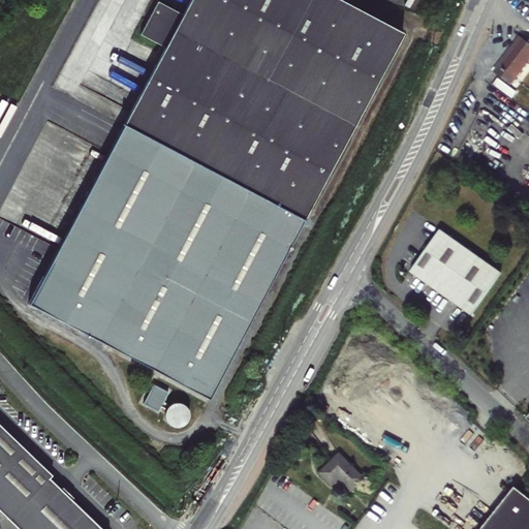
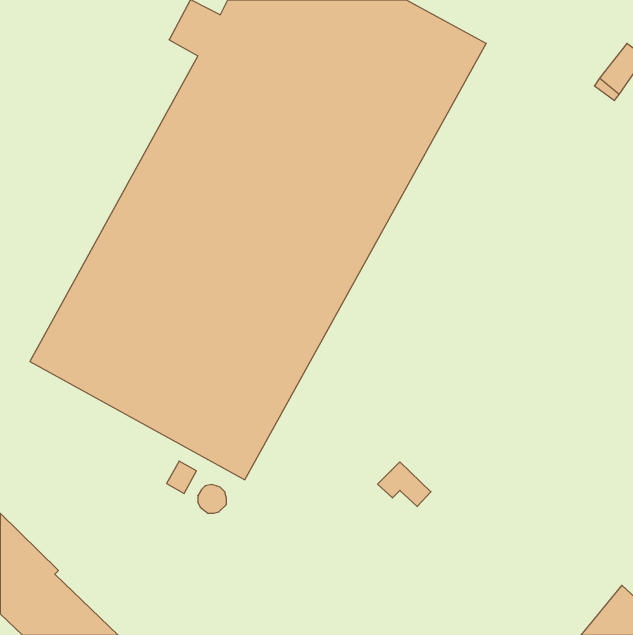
building: [413,230,504,316] -> none
building: [322,454,367,491] -> [378,462,431,507]

